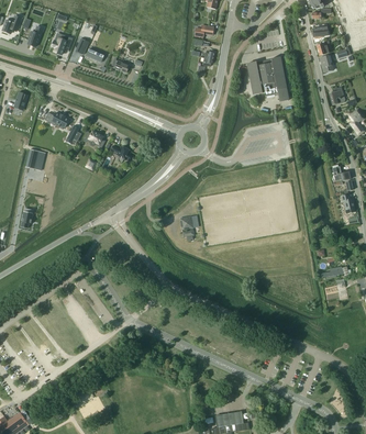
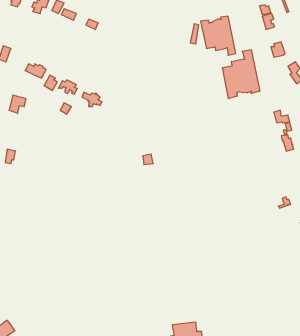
building: none -> [222,50,260,99]

